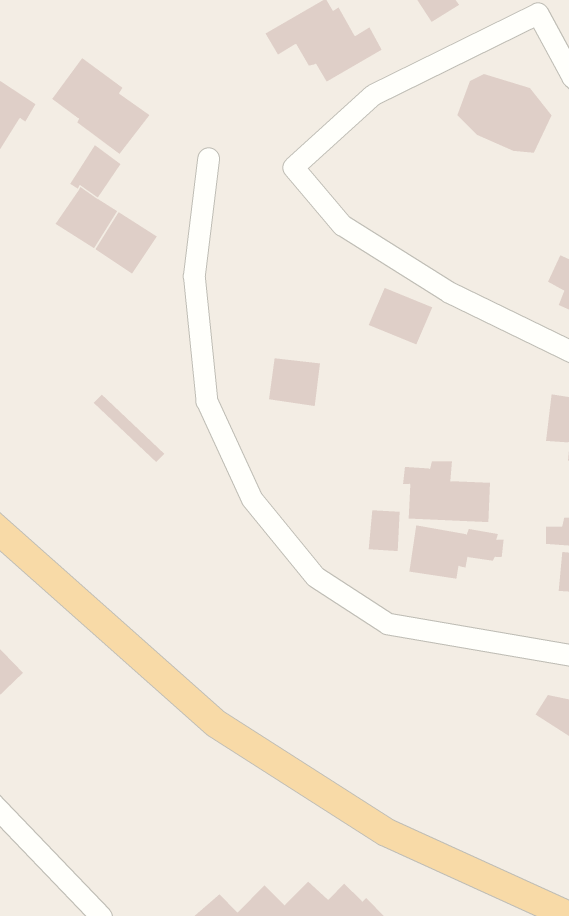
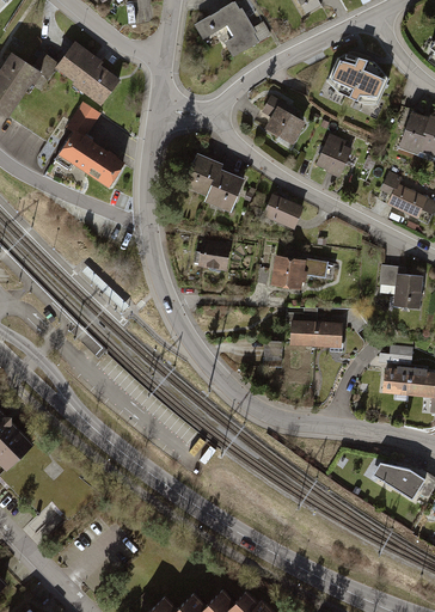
building: none -> [258,94,306,149]
building: none -> [315,133,353,177]
building: none -> [182,153,245,214]
building: [408,525,504,579] -> [269,255,332,290]

